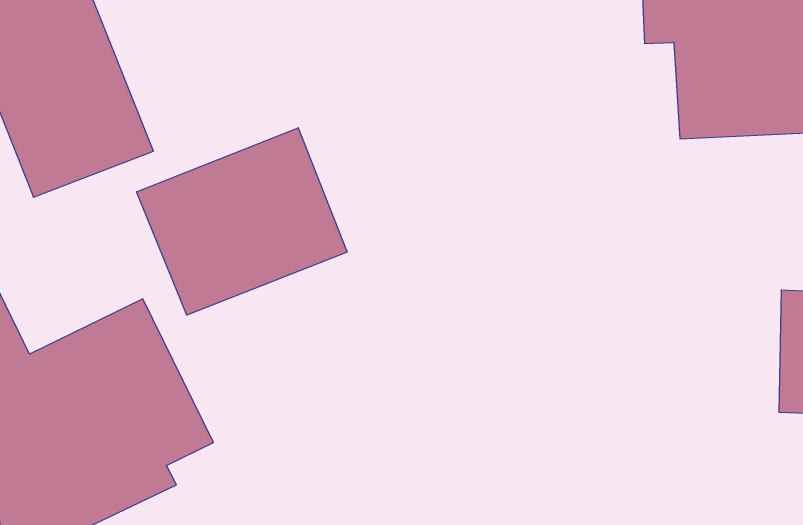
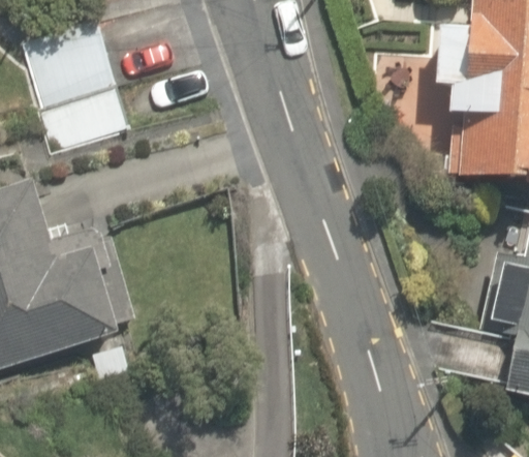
building: [137,128,347,315] -> none

